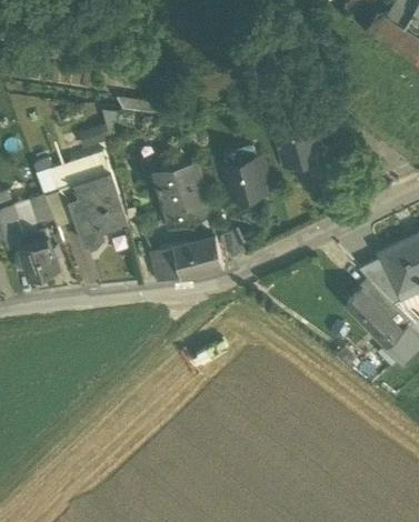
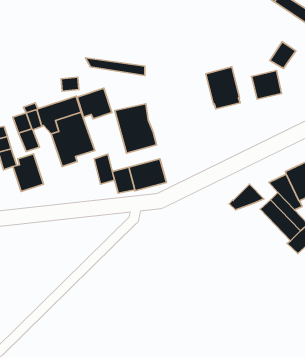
building: none -> [270,42,296,69]
building: none -> [251,70,282,99]
building: none -> [77,88,112,119]
building: [225,155,267,204] -> none
building: none -> [94,154,115,184]
building: none -> [229,184,264,210]

